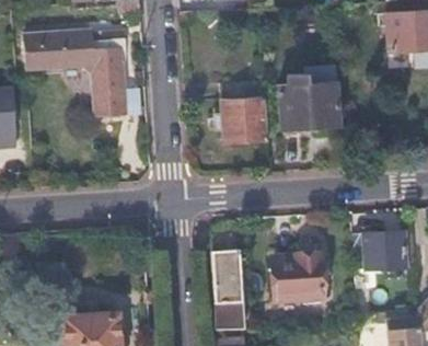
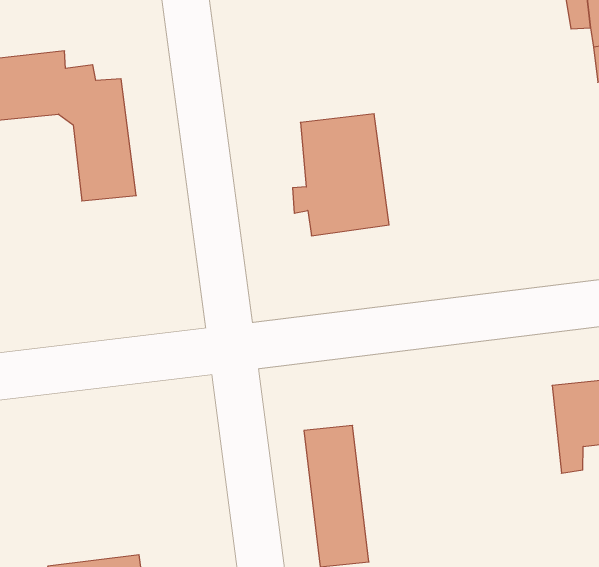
building: [276,69,338,135] -> none
building: [274,256,322,300] -> none

